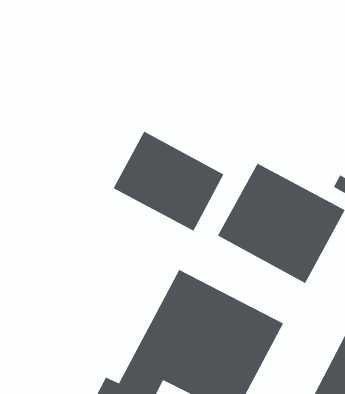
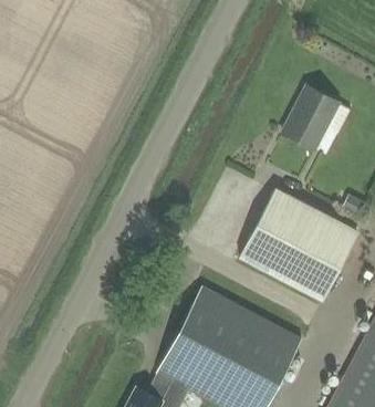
building: none -> [283,86,338,149]
building: [112,130,224,232] -> none

